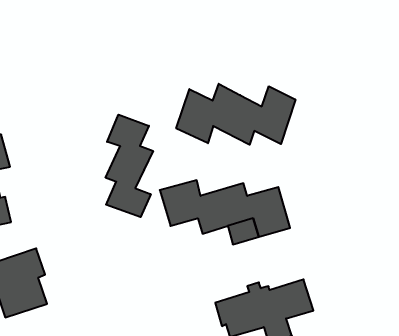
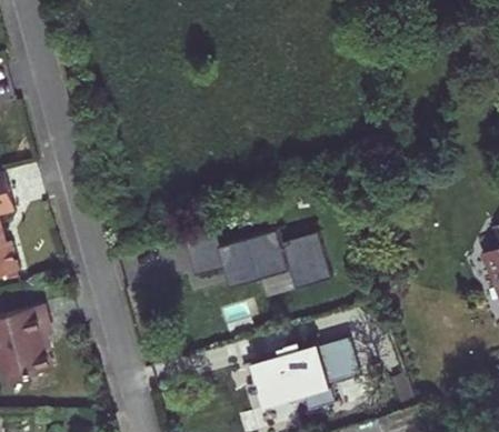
building: [176,84,295,145] -> none
building: [106,115,153,217] -> none

